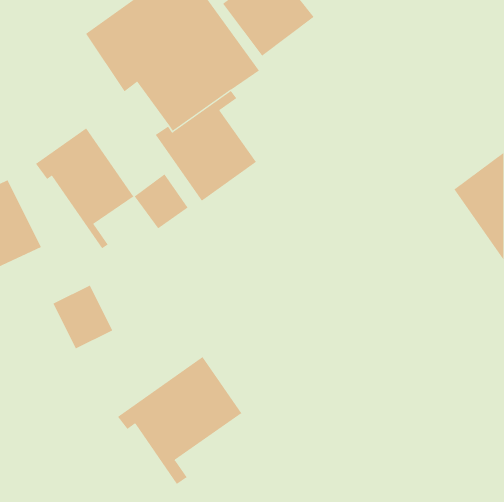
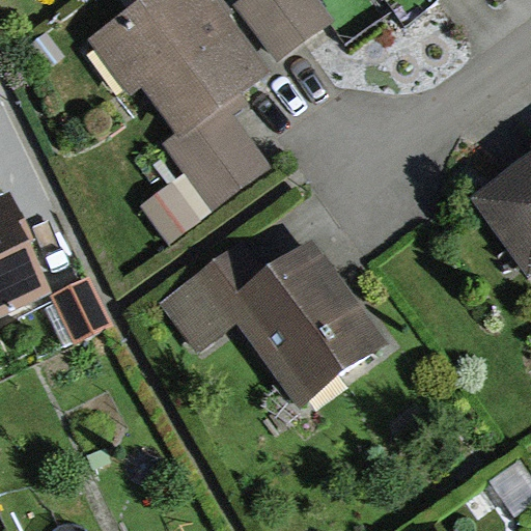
building: [35,128,134,249] -> none
building: none -> [150,235,386,404]
building: [117,356,242,485] -> none

